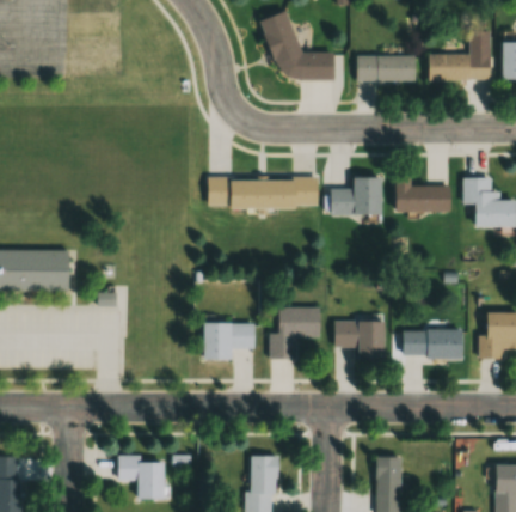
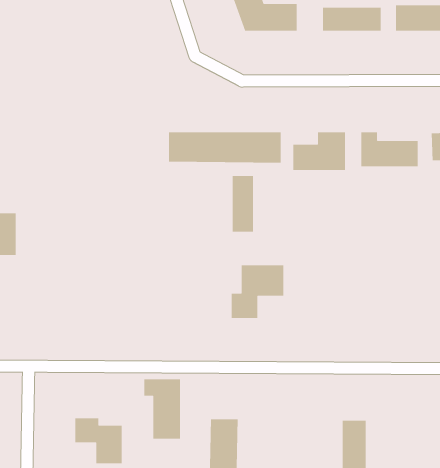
building: none -> [232,175,254,232]
building: [334,321,385,360] -> none
building: [204,323,256,360] -> none
building: [404,330,462,359] -> none
building: none -> [143,378,181,439]

